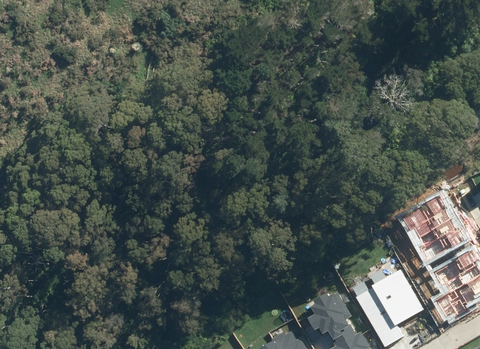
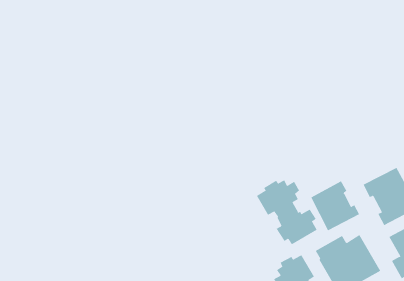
building: none -> [256,180,317,245]
building: none -> [311,181,360,231]

